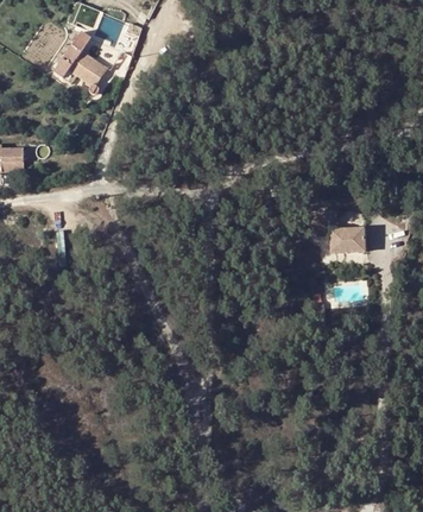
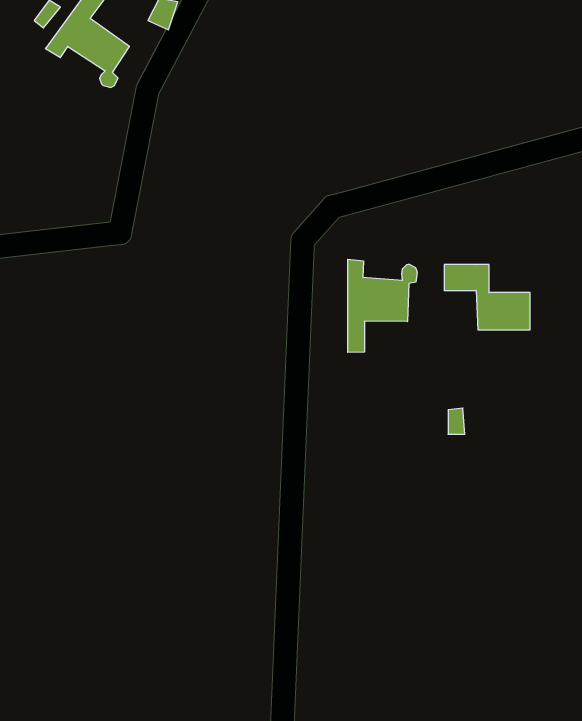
building: none -> [348,259,417,352]

